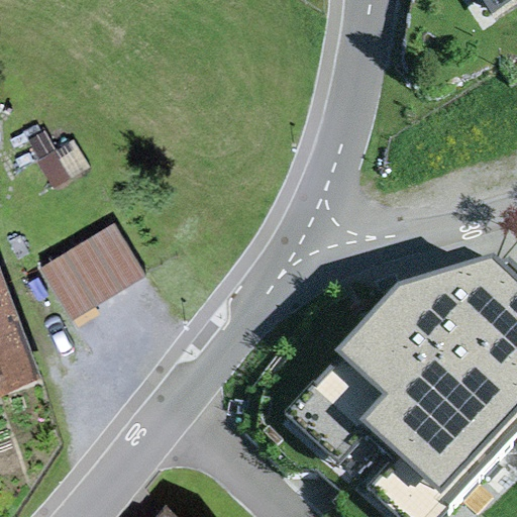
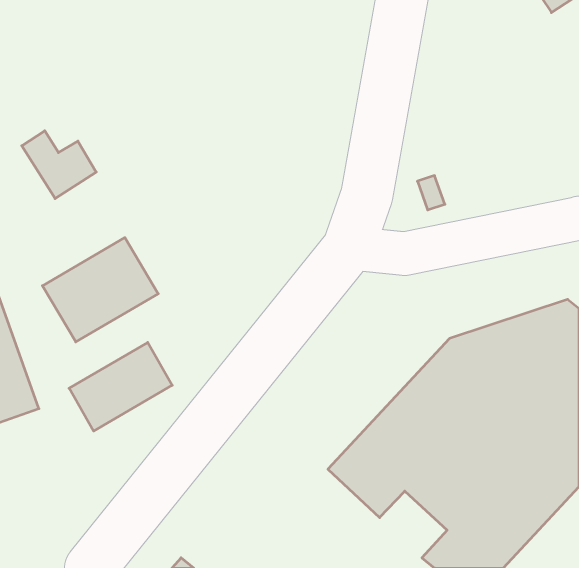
building: none -> [69,342,172,431]

